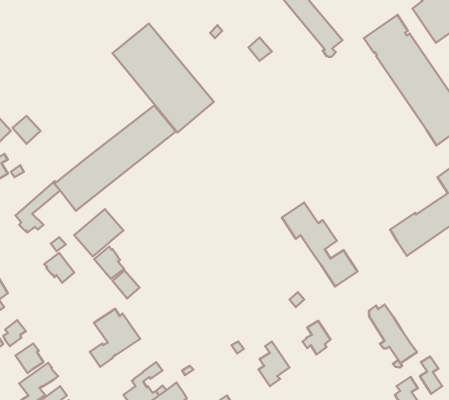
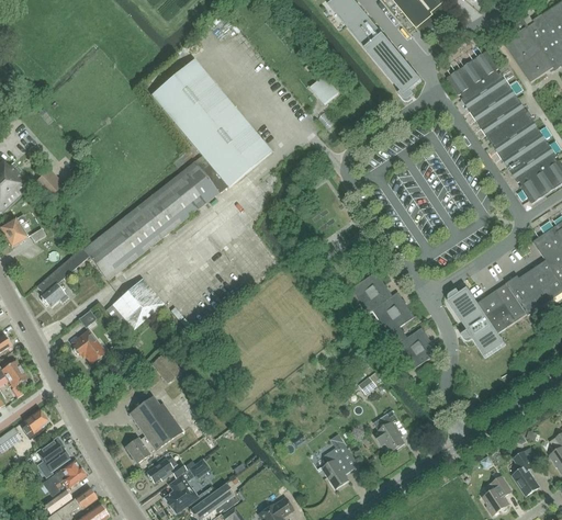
building: [94,246,124,279] -> none
building: [369,305,417,363] -> [448,287,505,357]
building: none -> [146,456,187,483]

